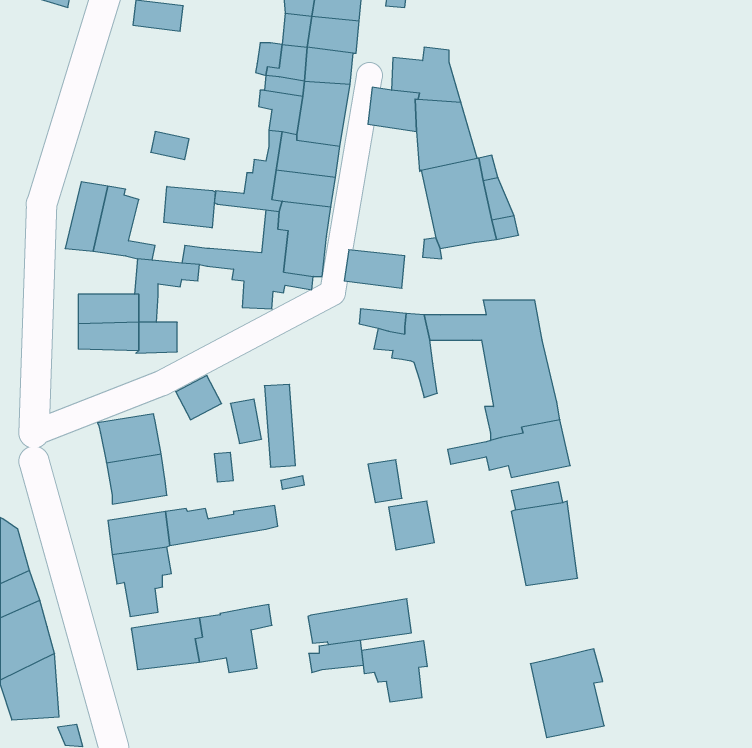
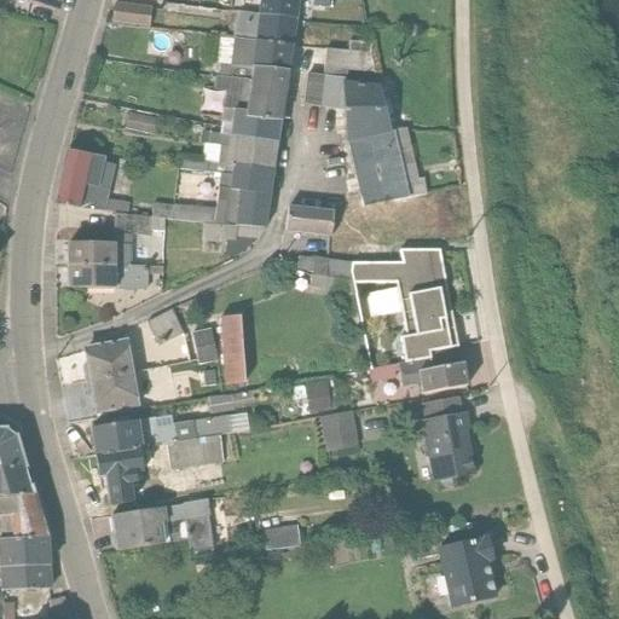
building: [164,186,215,228] -> none
building: [308,599,411,645] -> [139,433,224,470]
building: [362,641,427,702] -> none

